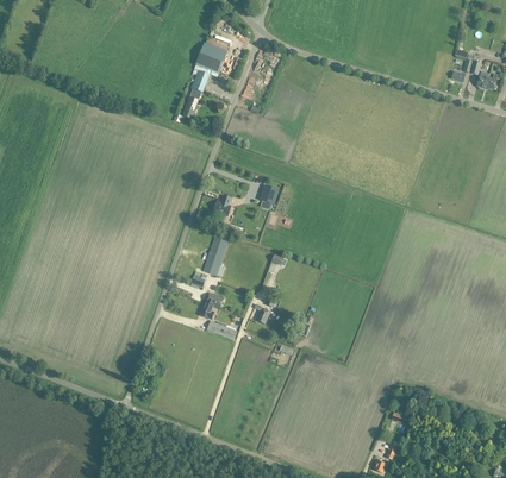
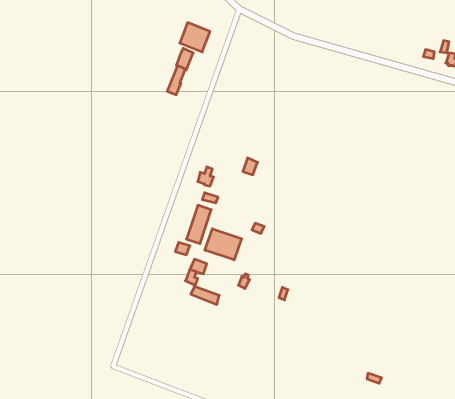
building: none -> [205,229,242,260]

